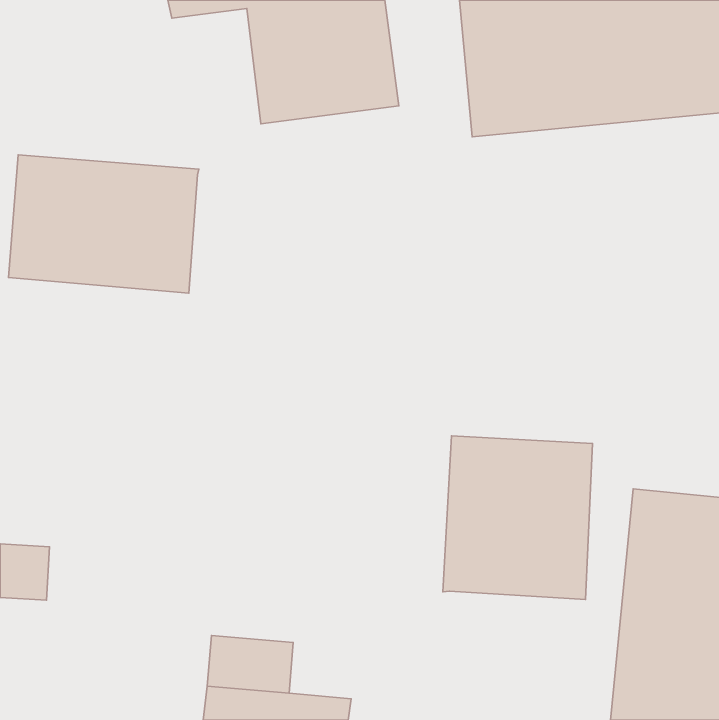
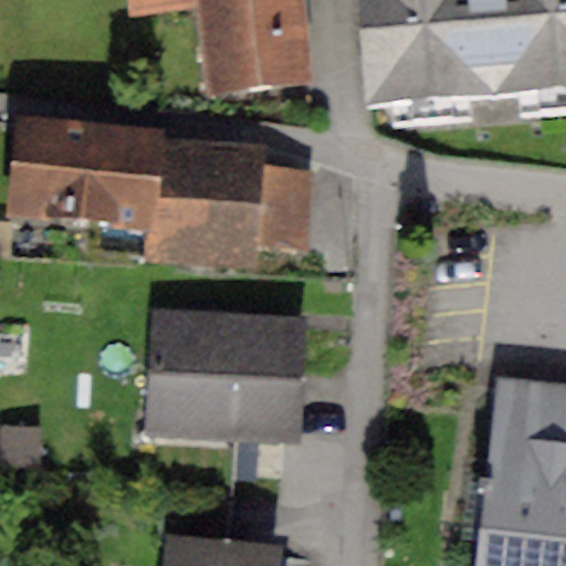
building: none -> [147,137,315,269]
building: none -> [146,312,303,442]
building: [443,436,593,599] -> none

